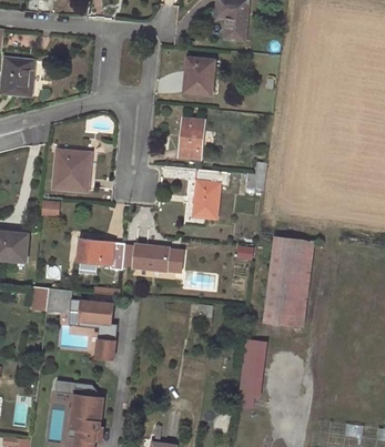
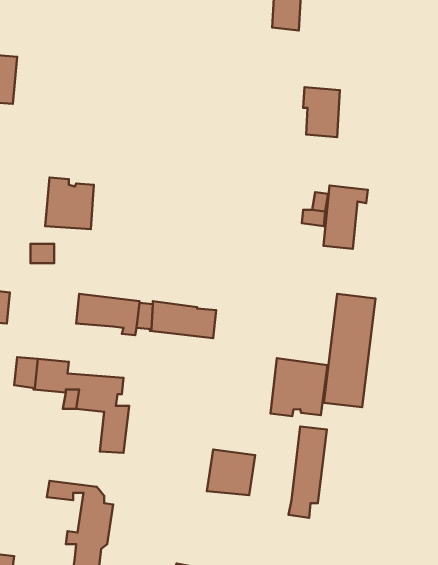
building: [185,57,213,94] -> [303,87,340,137]
building: [179,118,204,159] -> none
building: [193,170,226,217] -> [323,185,368,249]
building: none -> [271,358,328,416]
building: none -> [207,449,255,495]

